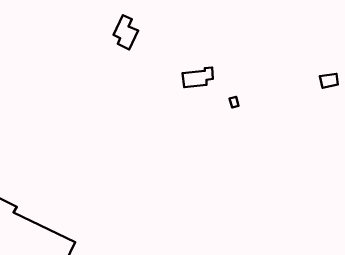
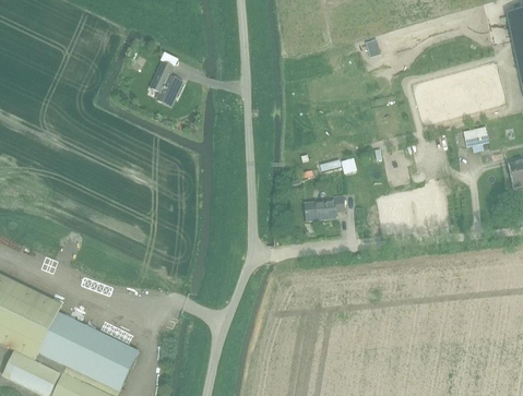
building: [114,15,138,50] -> [151,60,183,106]
building: [183,67,213,87] -> [305,194,345,220]

